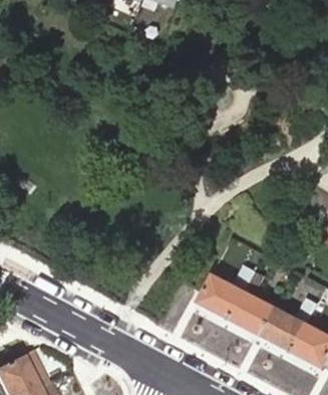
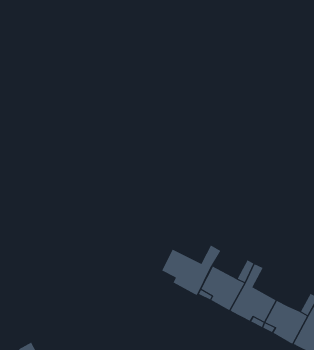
building: none -> [162,244,221,295]

